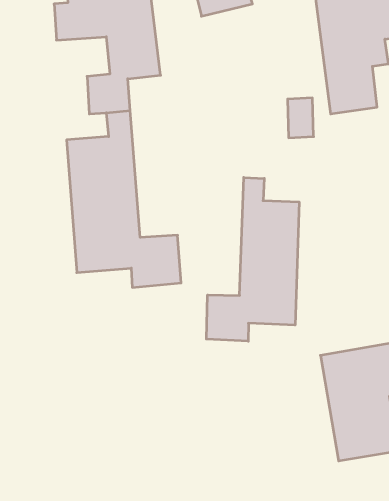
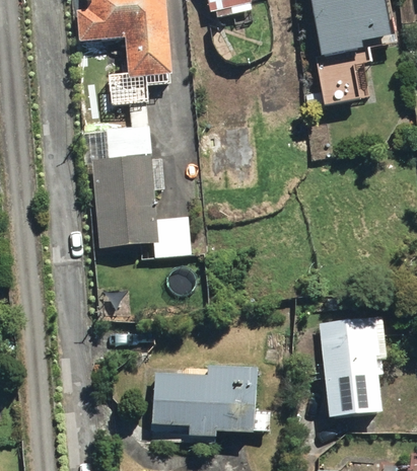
building: [206,177,299,341] -> none
building: none -> [152,364,268,435]

